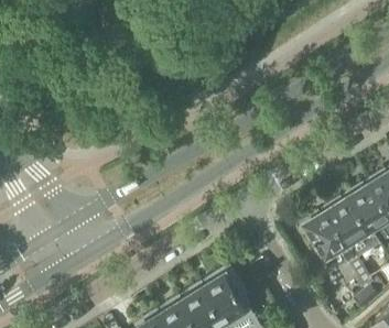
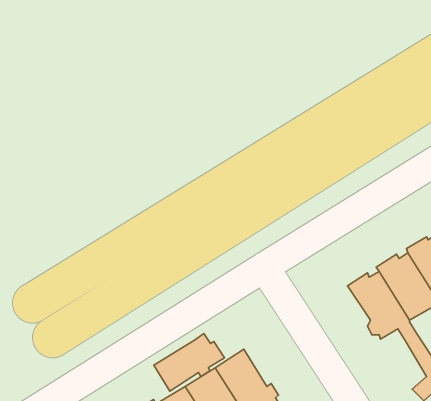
building: none -> [154,333,224,391]

